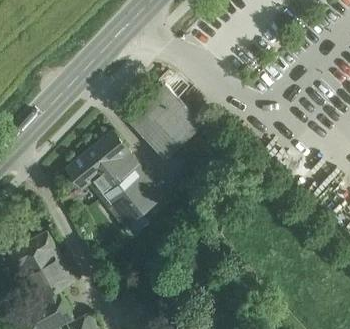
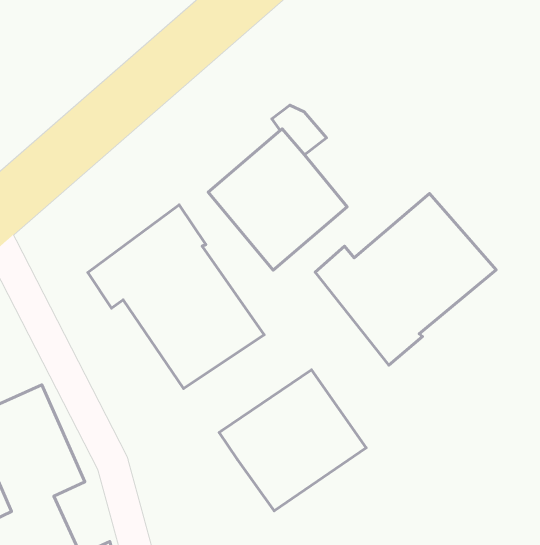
building: none -> [315,194,496,365]
building: none -> [219,370,366,511]

